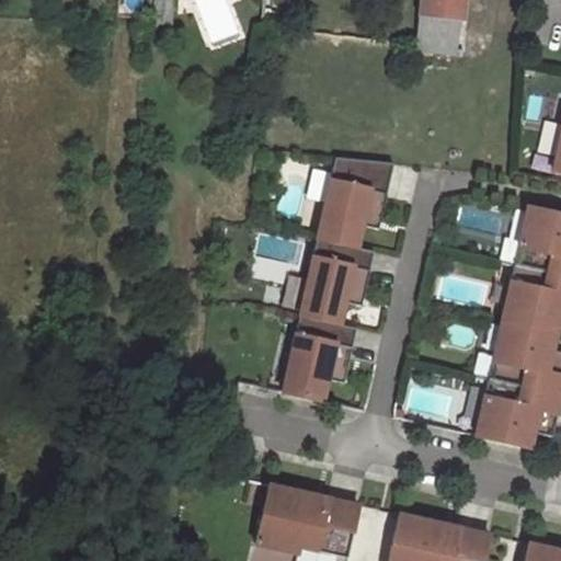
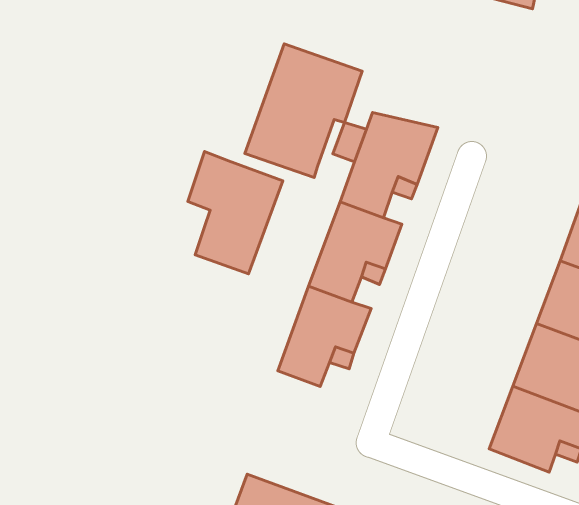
building: none -> [245,44,362,177]
building: none -> [188,152,283,274]

